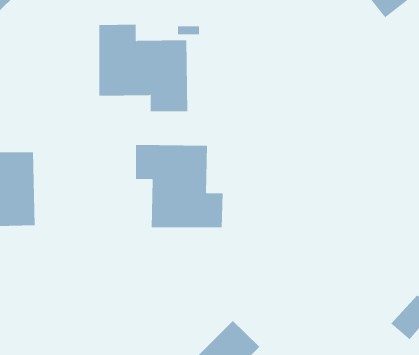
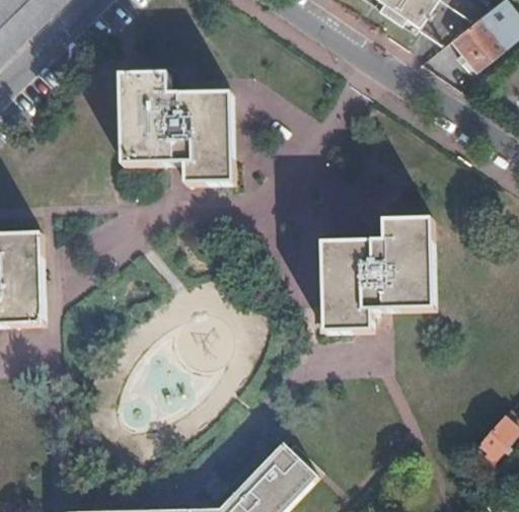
building: none -> [321,218,431,332]
building: [136,144,223,228] -> none

